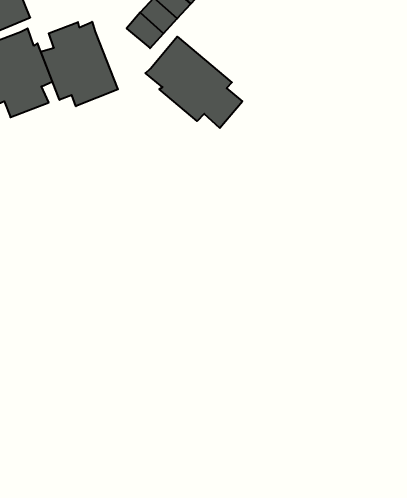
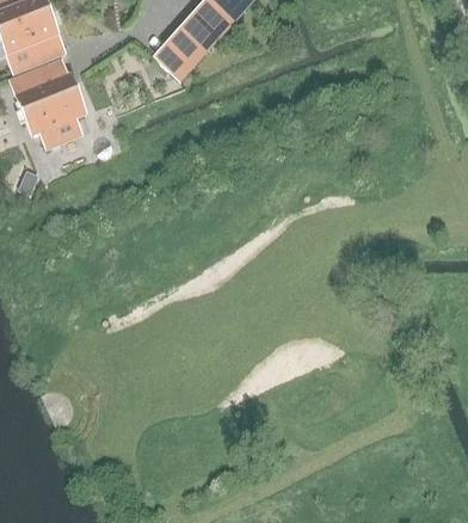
building: [41,22,118,106] -> none
building: [145,37,242,128] -> none

